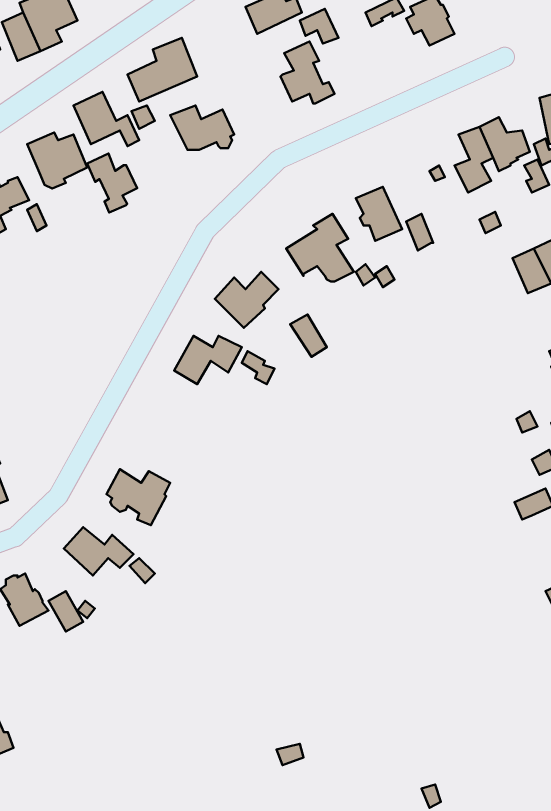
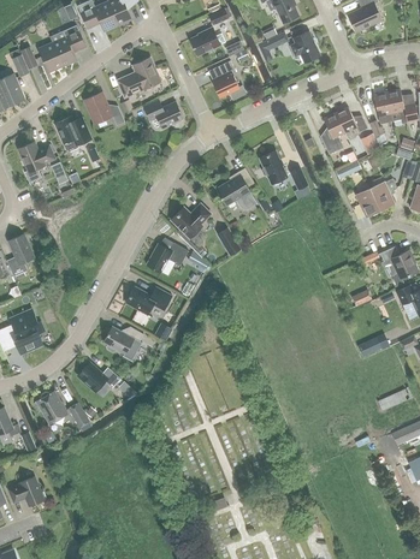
building: [87,154,137,213] -> none
building: none -> [128,286,172,315]

